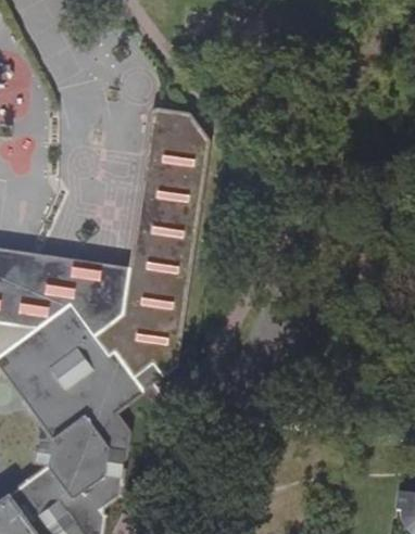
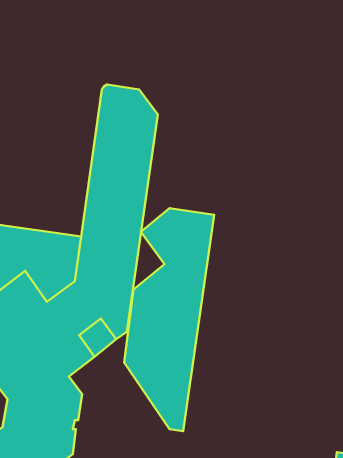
building: none -> [124,208,214,431]

